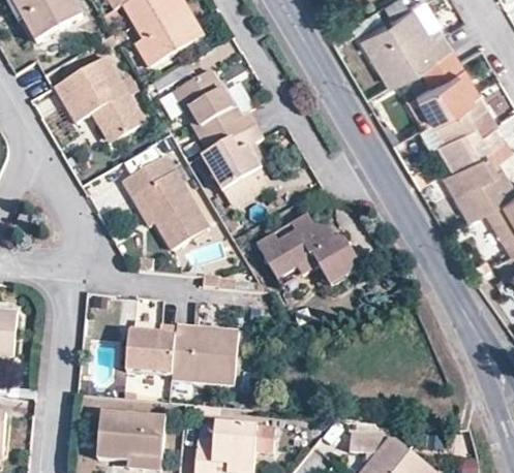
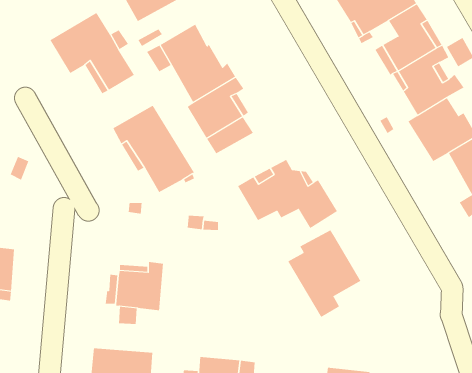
building: none -> [287,229,361,318]
building: [172,323,239,384] -> none

